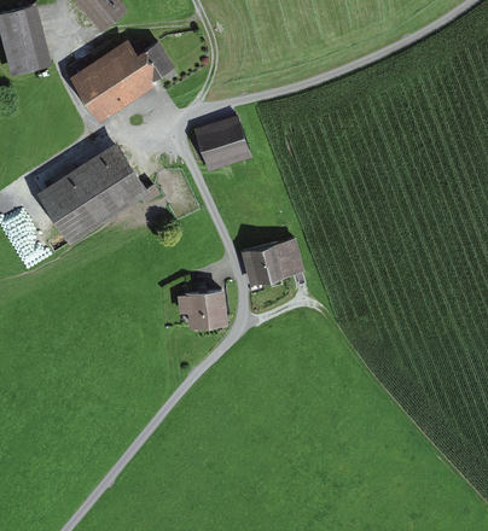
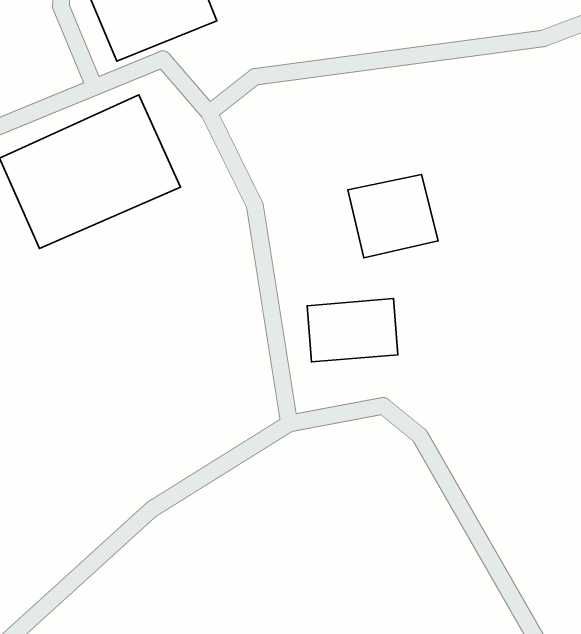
building: [191,115,251,171] -> [348,175,438,258]
building: [178,291,228,326] -> none

